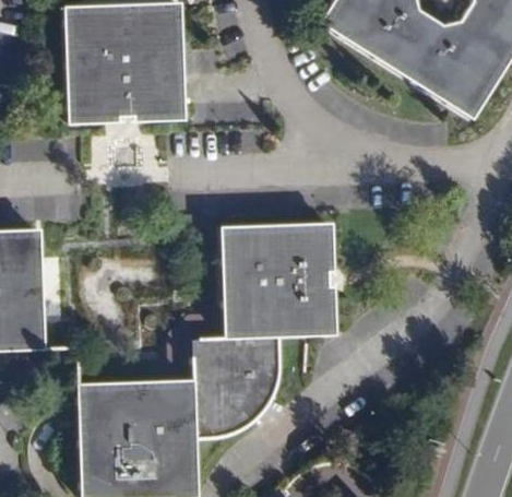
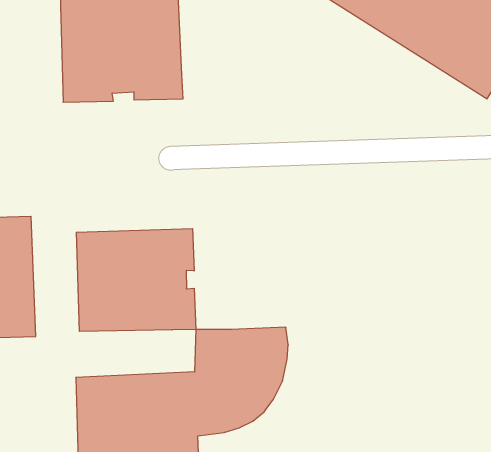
building: [225,227,333,339] -> none
building: none -> [76,229,196,331]

